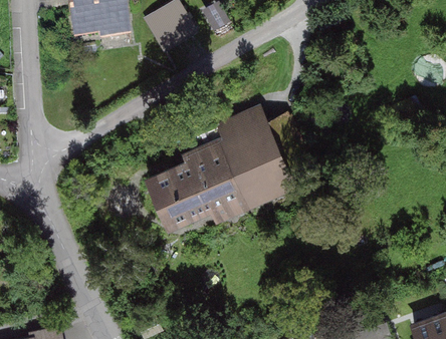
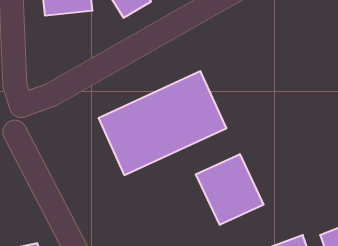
building: none -> [196,154,264,225]

